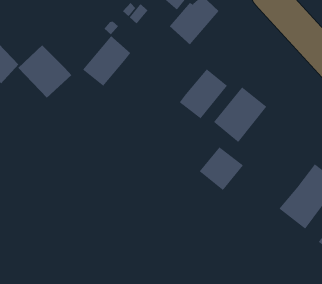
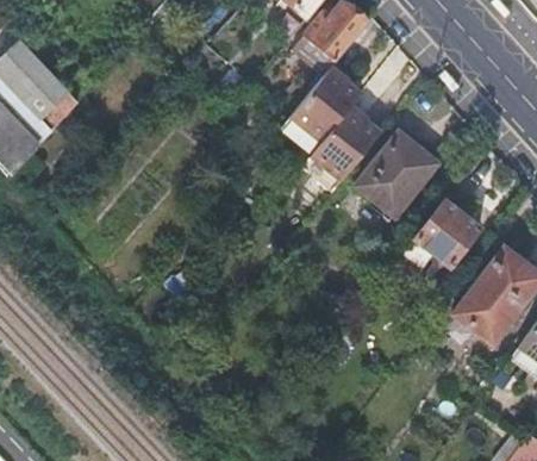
building: [82,35,131,87] -> [287,68,358,143]
building: [18,44,72,99] -> none
building: [199,147,244,191] -> [417,200,482,264]

